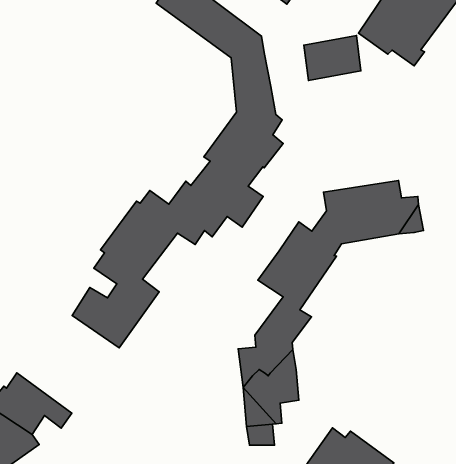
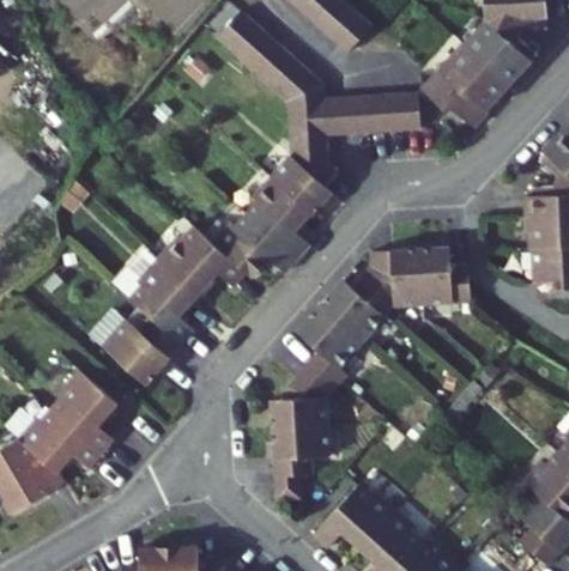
building: none -> [325,99,367,138]
building: none -> [46,363,114,448]

